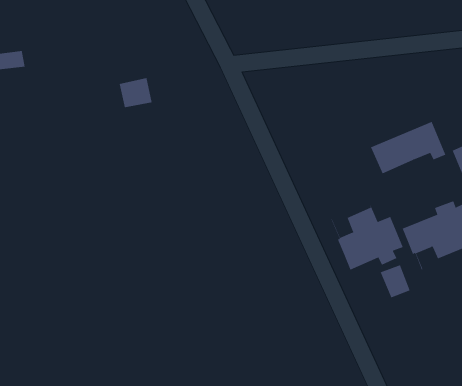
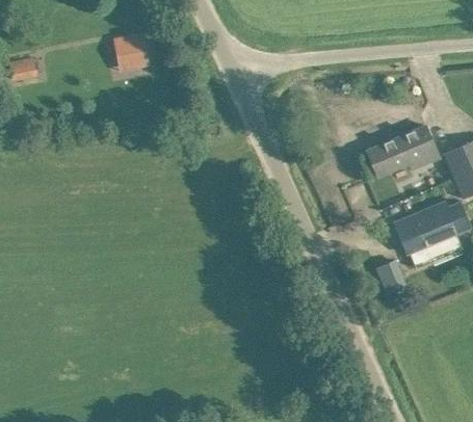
building: [119,77,153,108] -> [113,32,146,61]
building: [331,202,404,270] -> none

